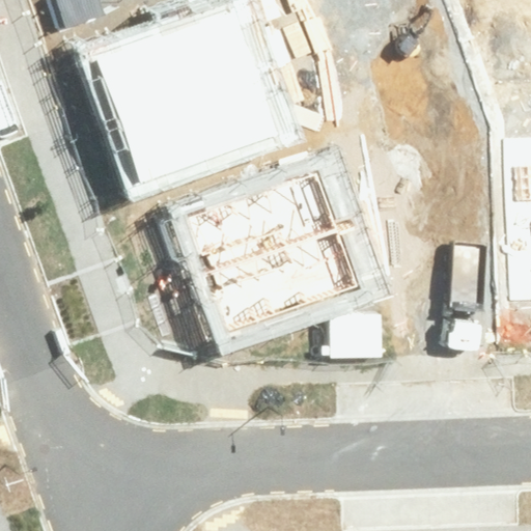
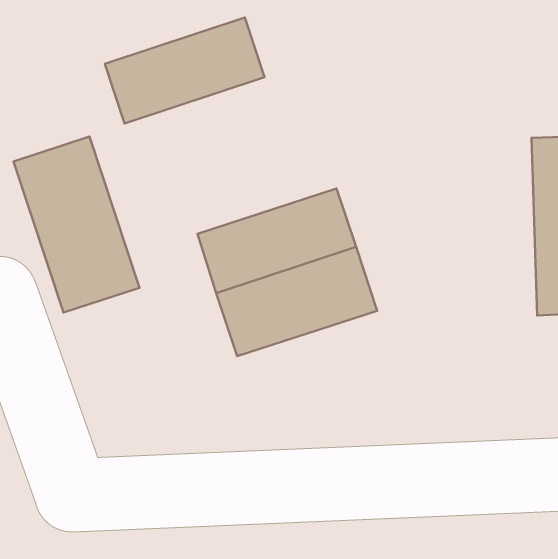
building: [122,73,273,175] -> none
building: none -> [14,137,139,313]

